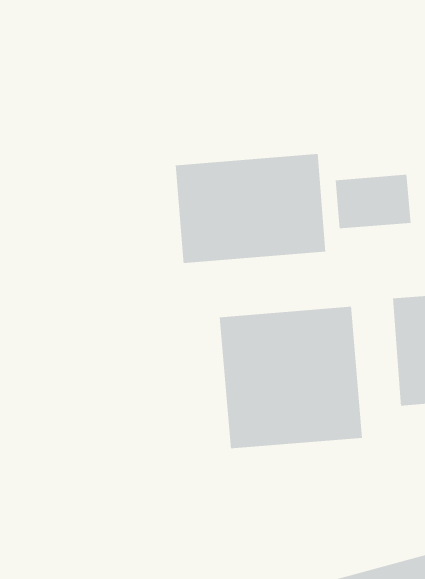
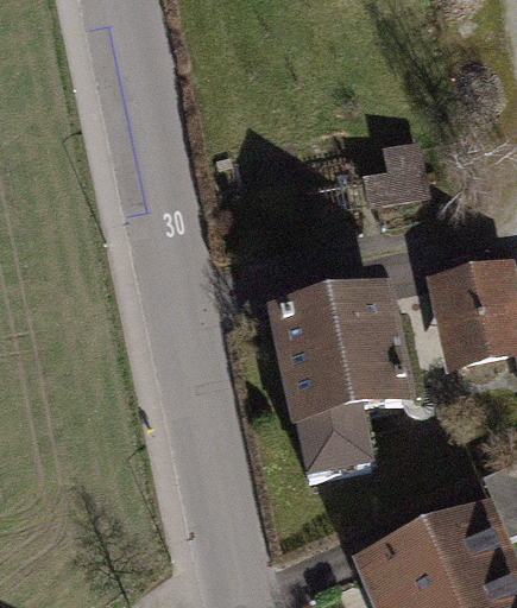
building: [175,153,326,264] -> none

